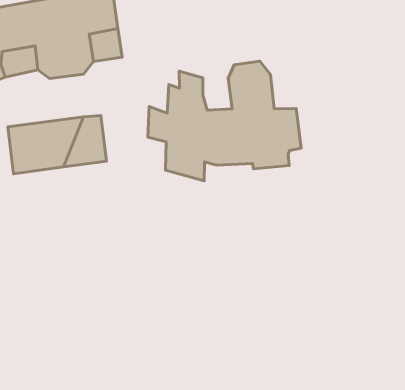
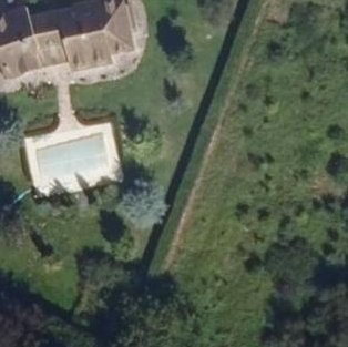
building: [148,61,301,181] -> none

